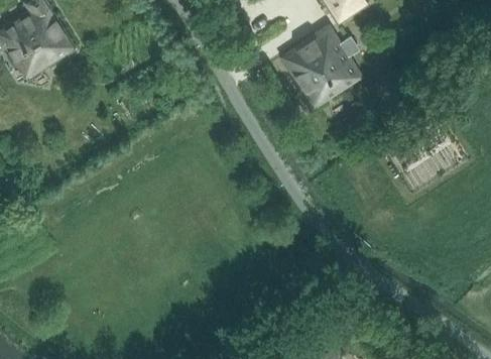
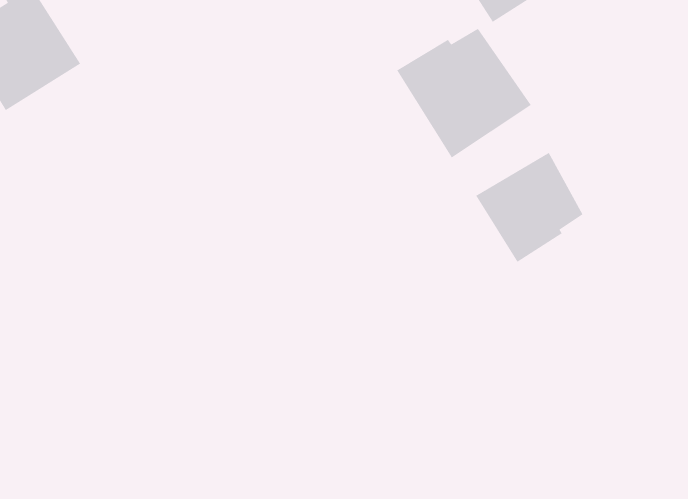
building: none -> [475,152,584,263]

